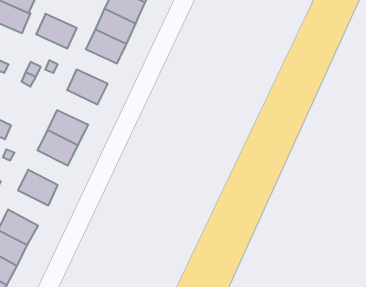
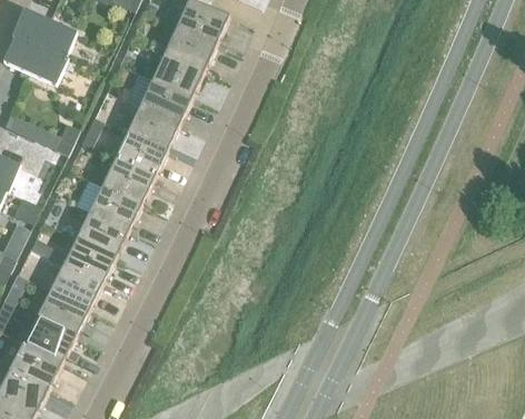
building: [36,14,77,49] -> [127,105,180,150]
building: none -> [101,158,155,204]
building: none -> [63,237,116,283]
building: none -> [37,290,90,337]

